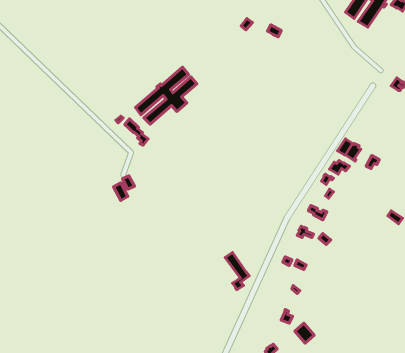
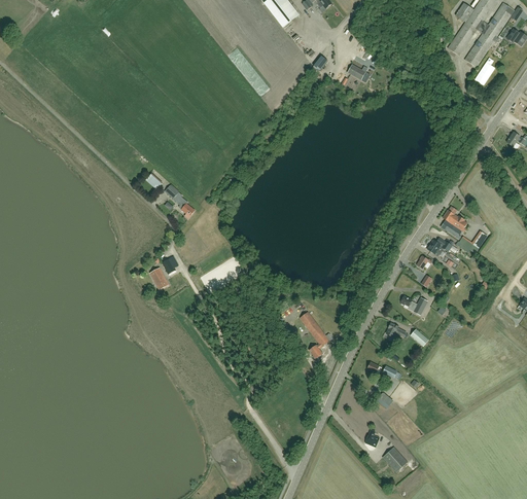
building: [136,67,197,124] -> none
building: [225,253,249,290] -> [300,311,330,358]

